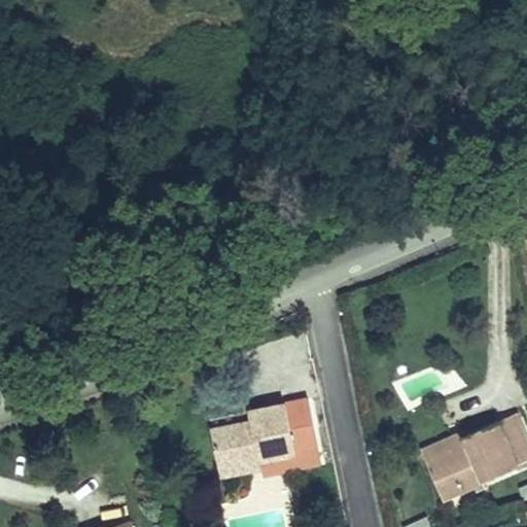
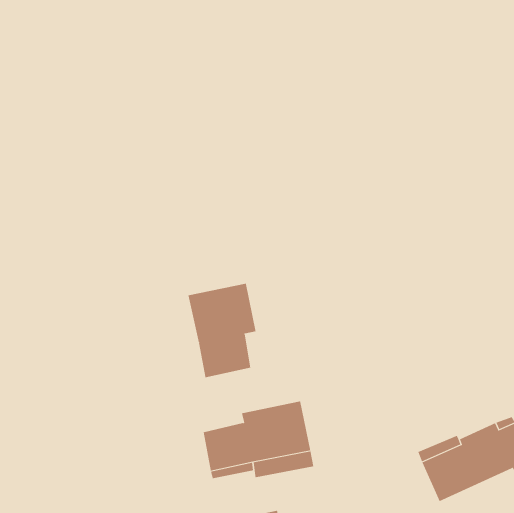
building: none -> [188,283,256,378]

